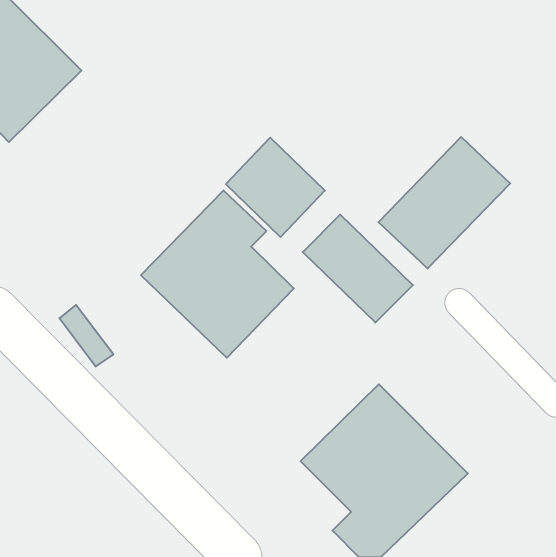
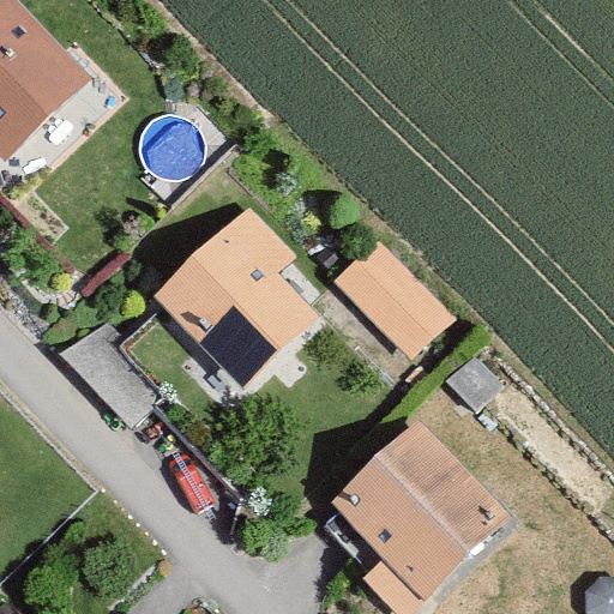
building: [378,137,510,269] -> none
building: [226,138,325,237] -> none

